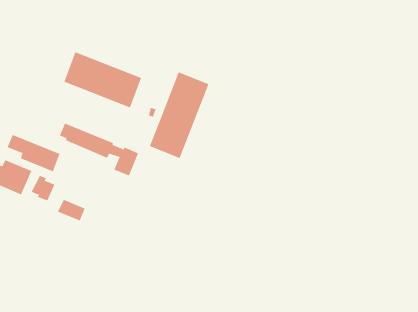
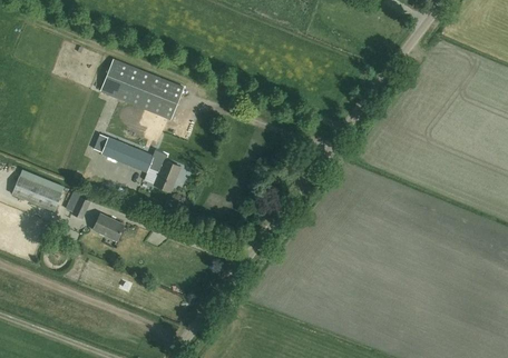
building: [149,71,209,159] -> none
building: [7,134,60,172] -> none

